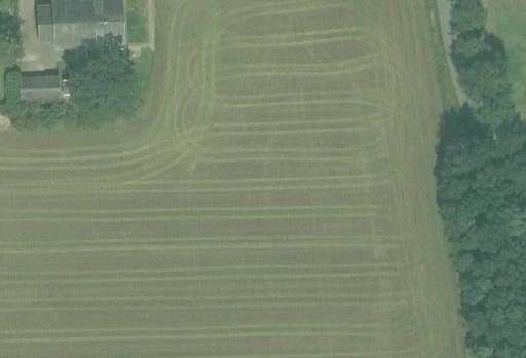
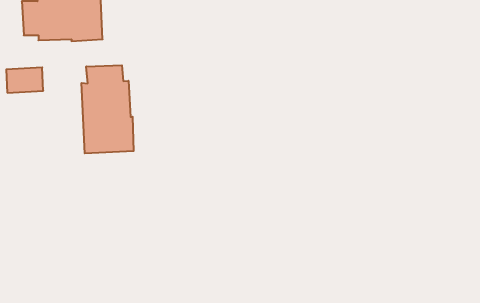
building: none -> [82,65,134,153]

